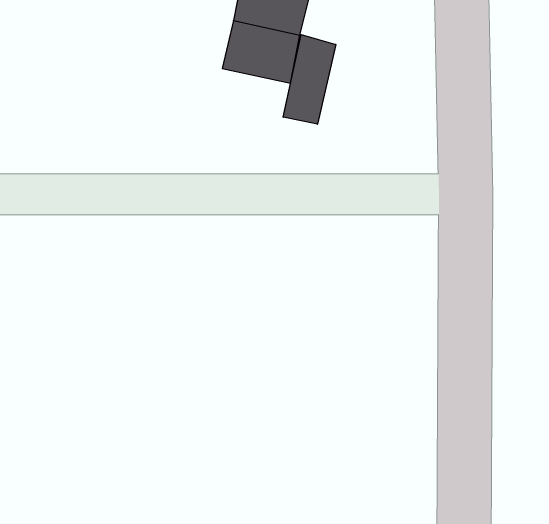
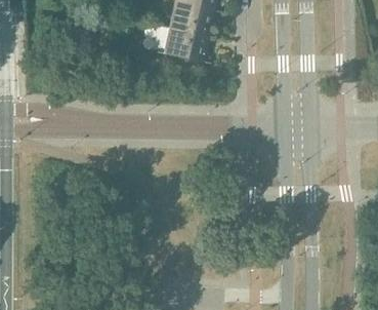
building: [283,35,336,124] -> none

